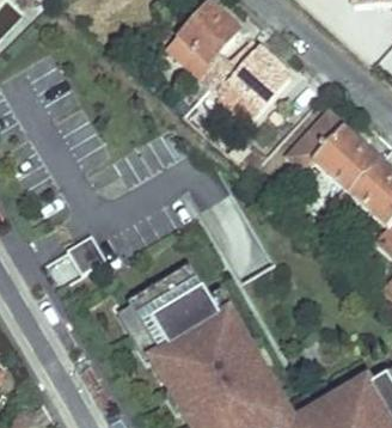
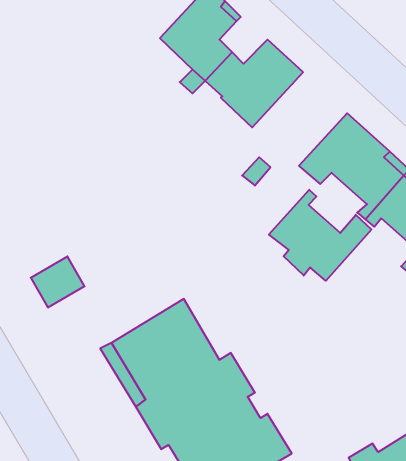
building: none -> [269,190,371,281]

